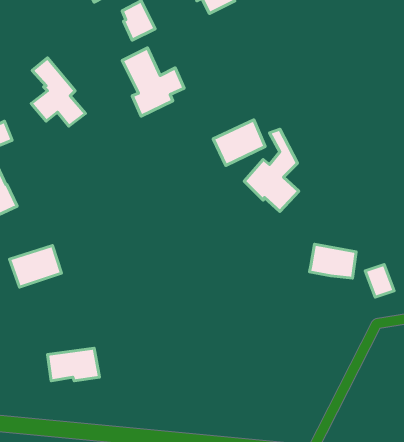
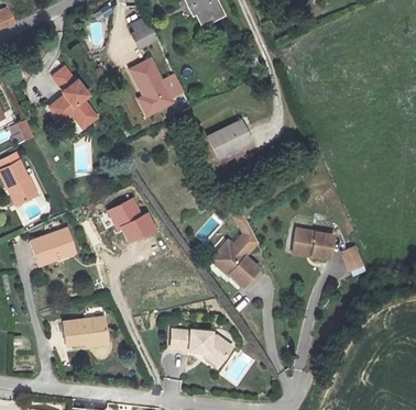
building: [244,129,299,211] -> [212,214,260,286]
building: none -> [110,199,157,243]
building: none -> [171,330,232,366]

